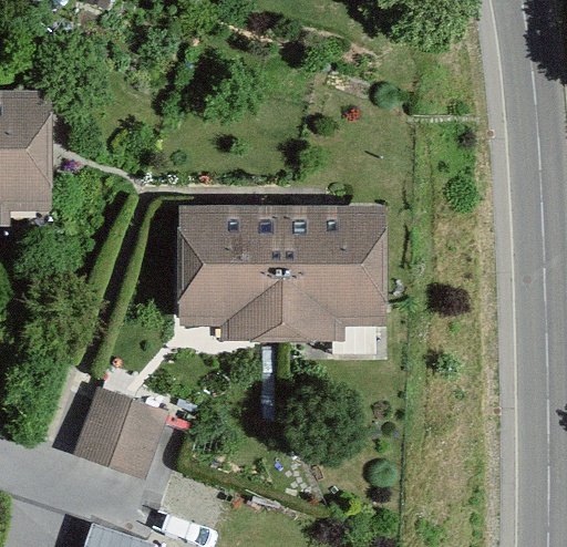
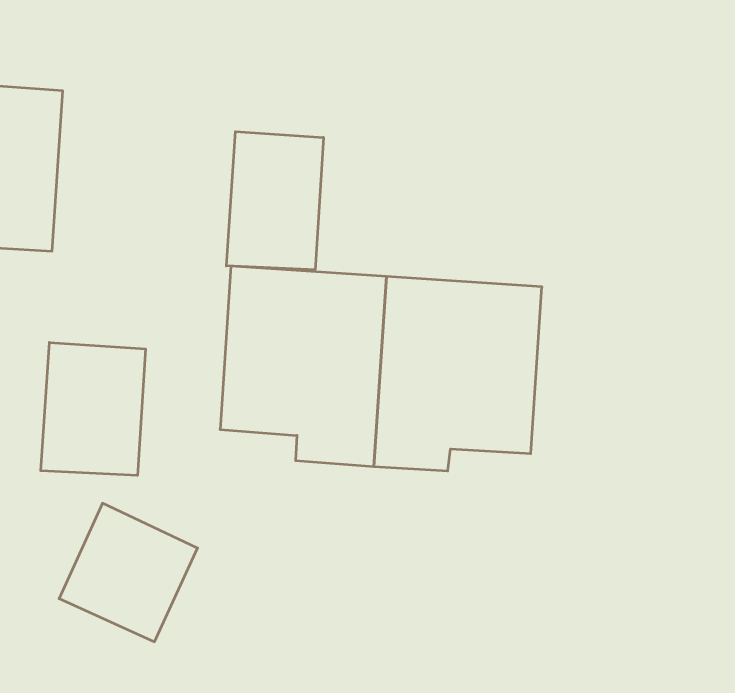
building: none -> [226,132,323,270]
building: none -> [41,342,145,475]

